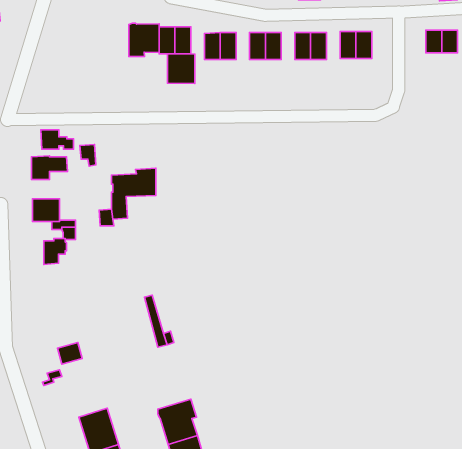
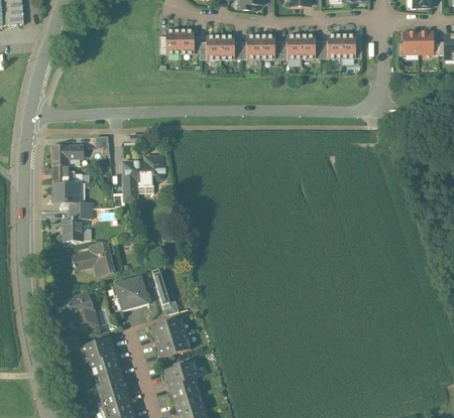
building: [129,23,159,56] -> none
building: [167,54,195,83] -> none
building: [41,130,74,149] -> [51,166,81,183]
building: none -> [72,242,113,278]
building: none -> [114,277,149,311]
building: none -> [59,293,93,319]
building: none -> [151,318,191,358]
building: none -> [80,338,119,378]

